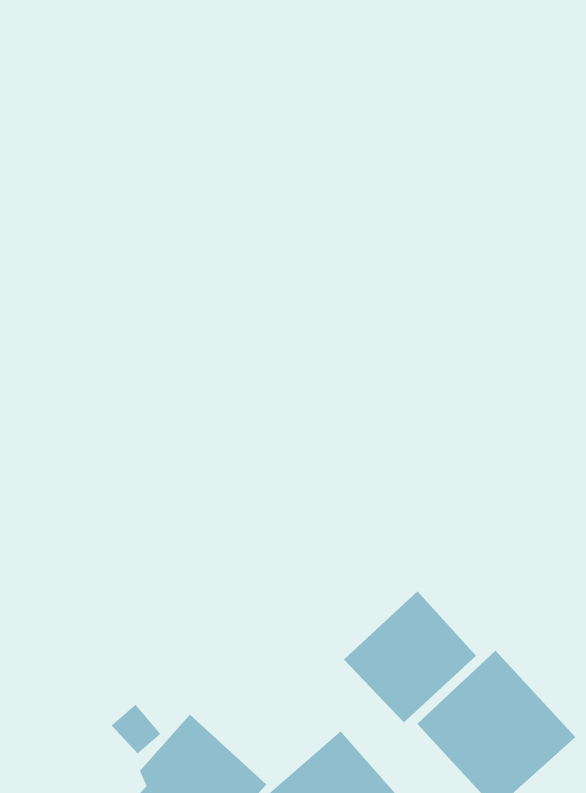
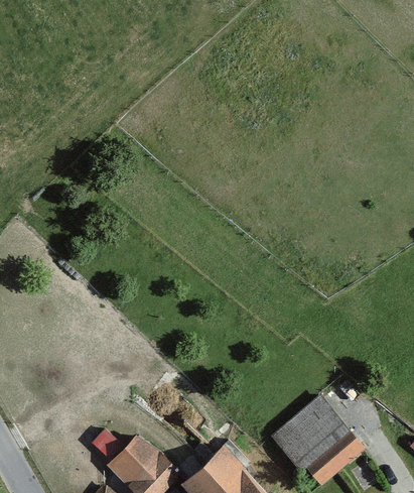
building: [343,590,477,723] -> none

